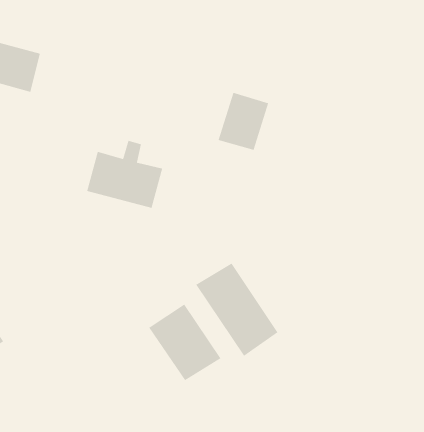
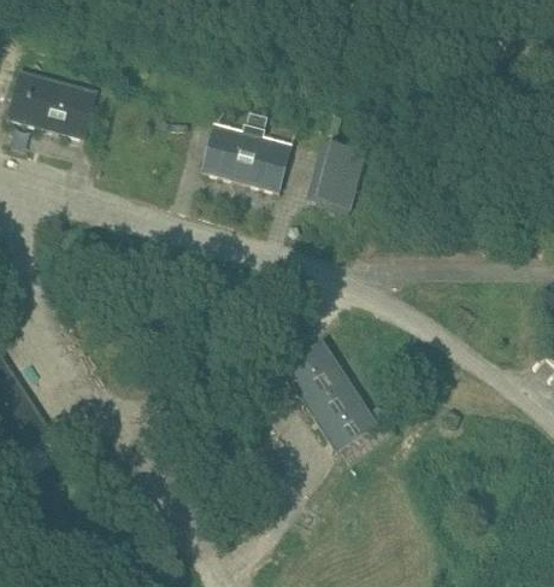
building: [86,140,163,209] -> [201,111,293,193]
building: [148,304,222,381] -> none

